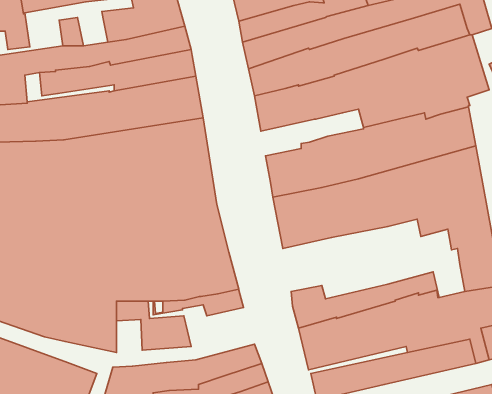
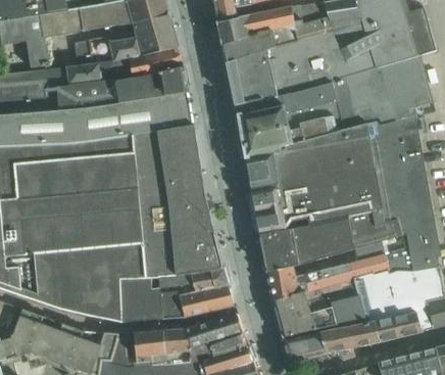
building: none -> [241,119,327,157]
building: none -> [259,210,400,271]
building: none -> [385,248,411,276]
building: none -> [176,282,233,317]
building: none -> [120,294,142,322]

